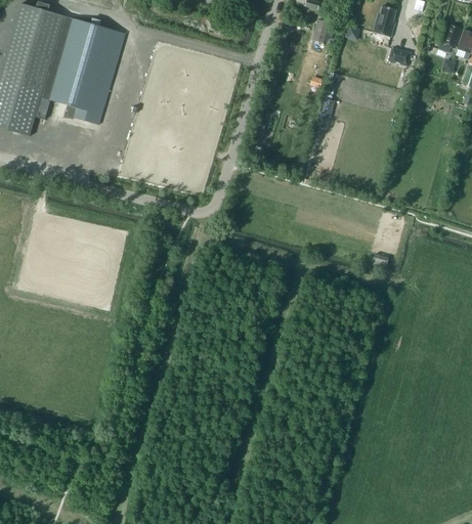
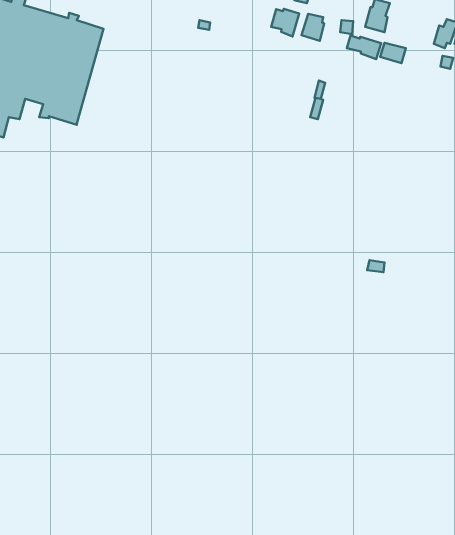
building: none -> [271,9,299,36]
building: none -> [347,36,381,59]

